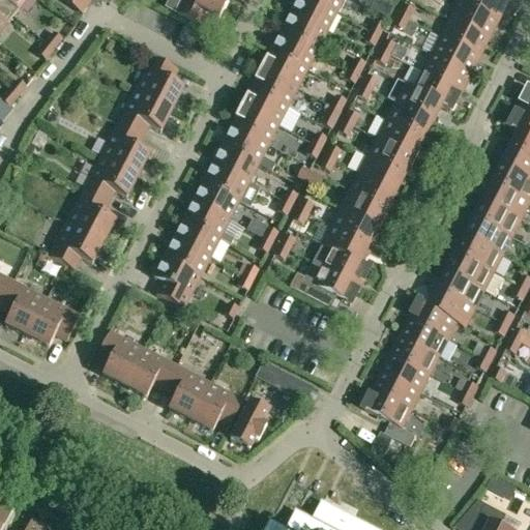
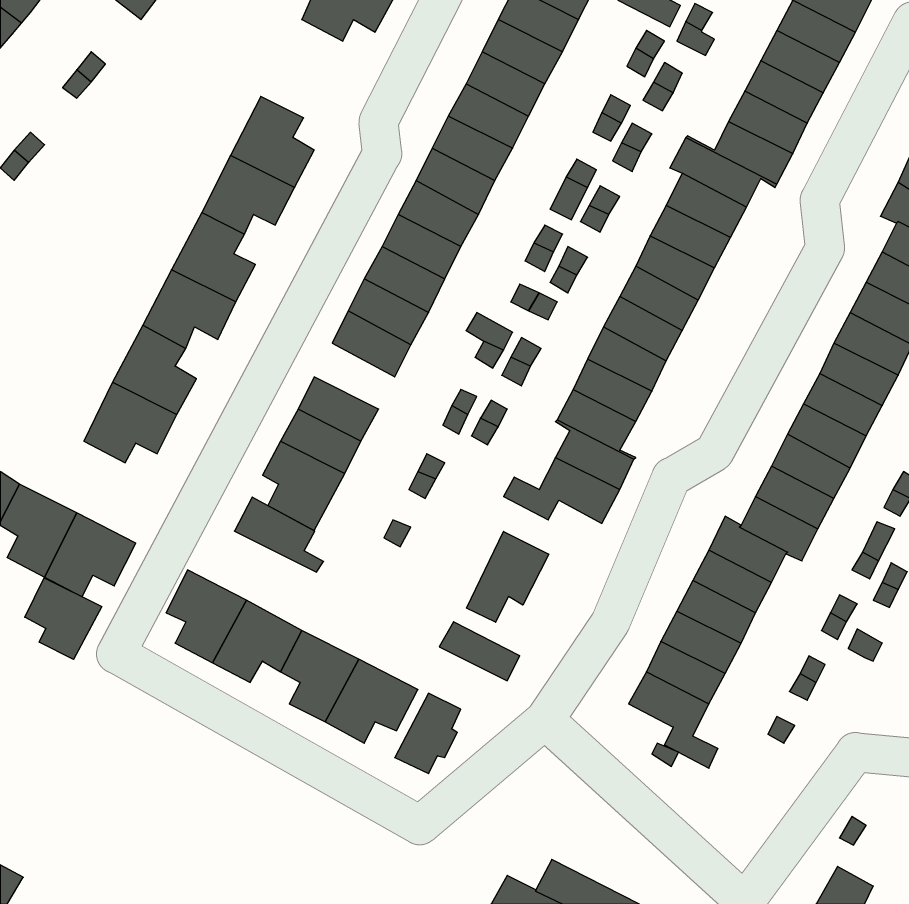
building: [184,199,236,242] -> [234,497,324,572]
building: none -> [467,531,549,622]
building: none -> [25,578,102,659]

